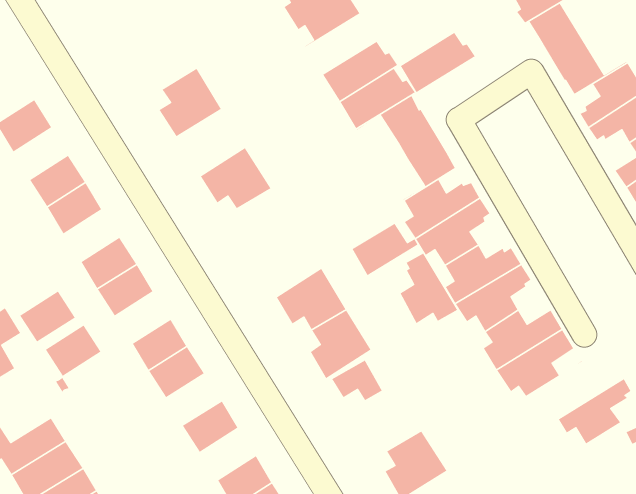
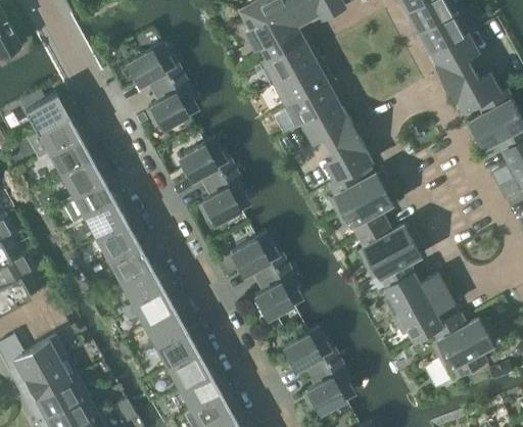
building: none -> [126,44,180,91]
building: [400,32,476,93] -> [264,41,322,86]
building: none -> [37,115,79,154]
building: none -> [202,171,249,223]
building: [351,223,419,276] -> none
building: [400,252,458,324] -> none
building: [19,291,76,343] -> [72,180,114,219]
building: [45,325,102,377] -> [107,244,150,283]
building: none -> [417,315,492,358]
building: none -> [143,309,186,347]
building: none -> [283,328,336,375]
building: none -> [167,351,209,390]

